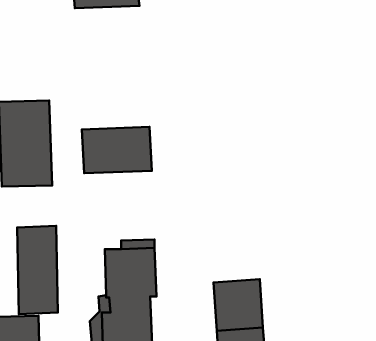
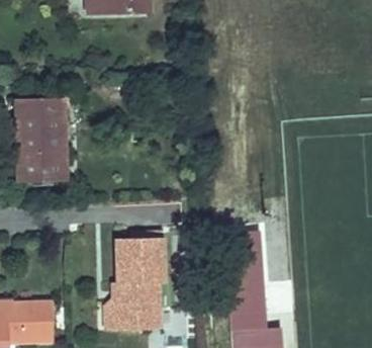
building: [82,127,152,173] -> none
building: [17,226,58,314] -> none

